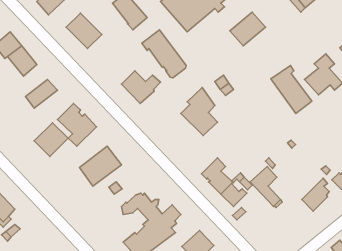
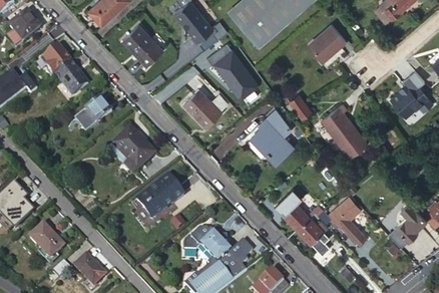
building: [271,66,312,113] -> [320,102,366,157]
building: [34,123,68,156] -> none
building: none -> [73,253,106,286]

